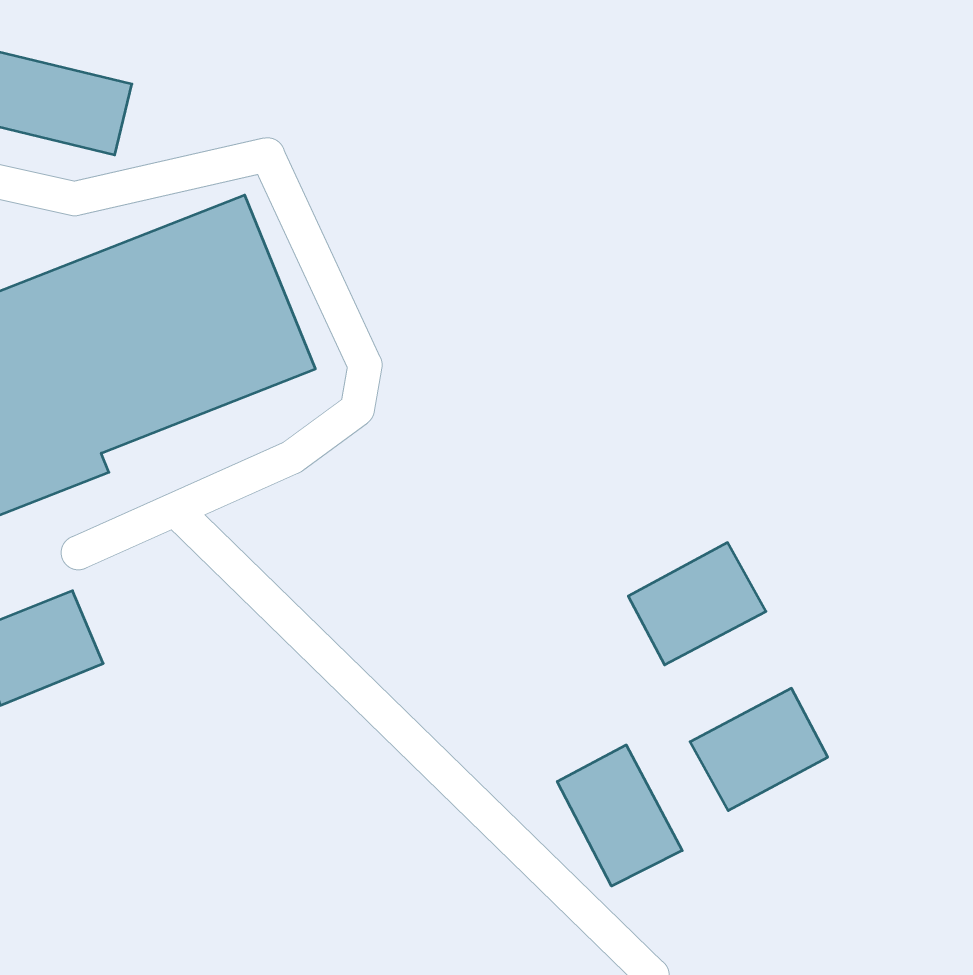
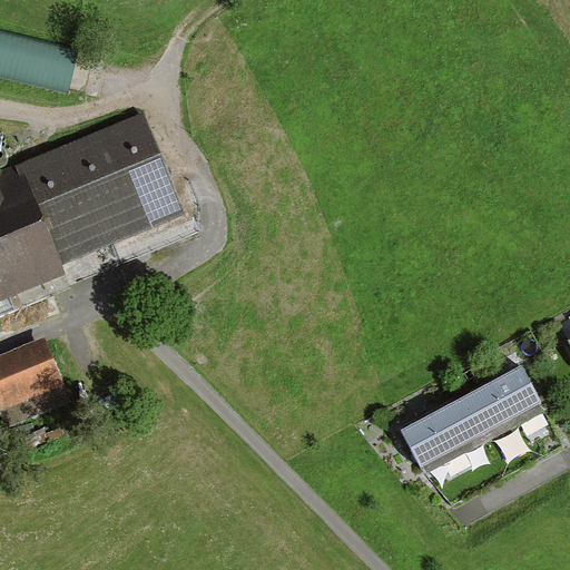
building: [628,543,766,665] -> [461,370,541,441]
building: [557,745,682,886] -> none

